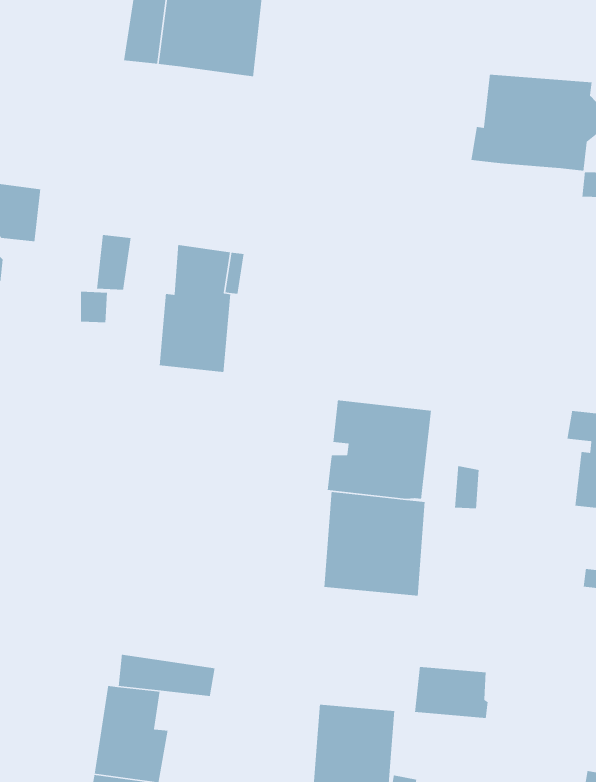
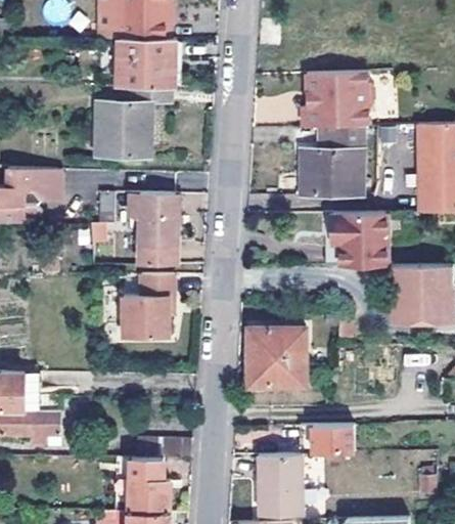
building: none -> [94,88,172,159]
building: none -> [298,123,361,193]
building: none -> [125,274,175,341]
building: [327,400,432,499] -> [331,211,388,265]

